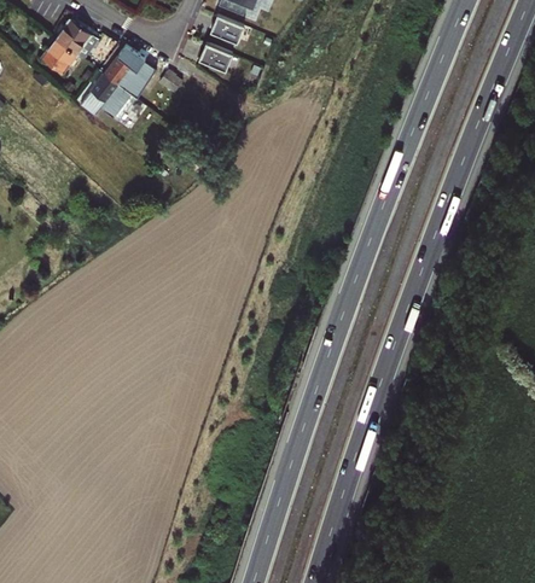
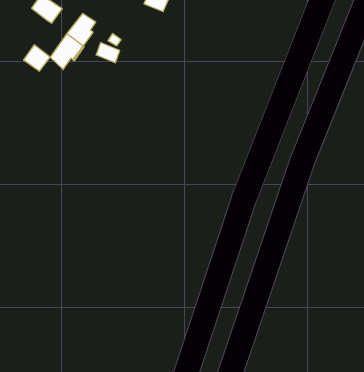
building: [41,39,77,75] -> [24,45,50,71]
building: [199,43,232,71] -> [96,43,120,63]

